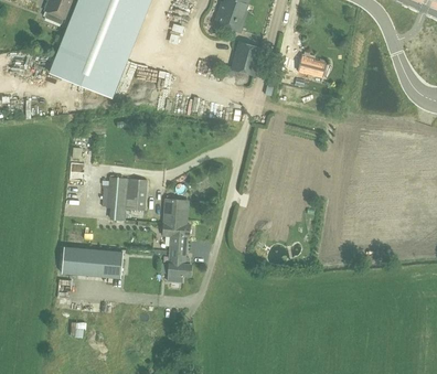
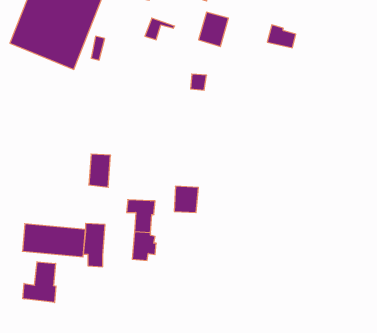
building: [106,178,127,220] -> [83,223,105,267]
building: [163,199,186,224] -> [174,186,198,213]
building: none -> [23,262,56,303]

